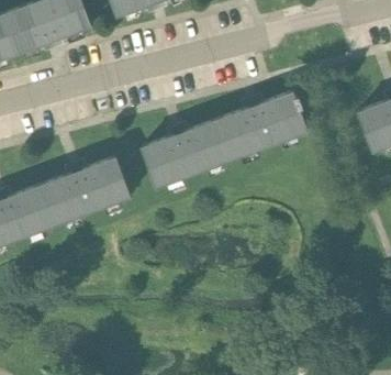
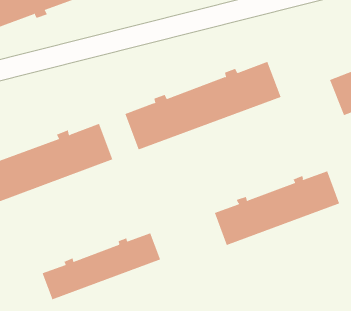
building: none -> [214,170,340,246]
building: none -> [42,232,161,300]

